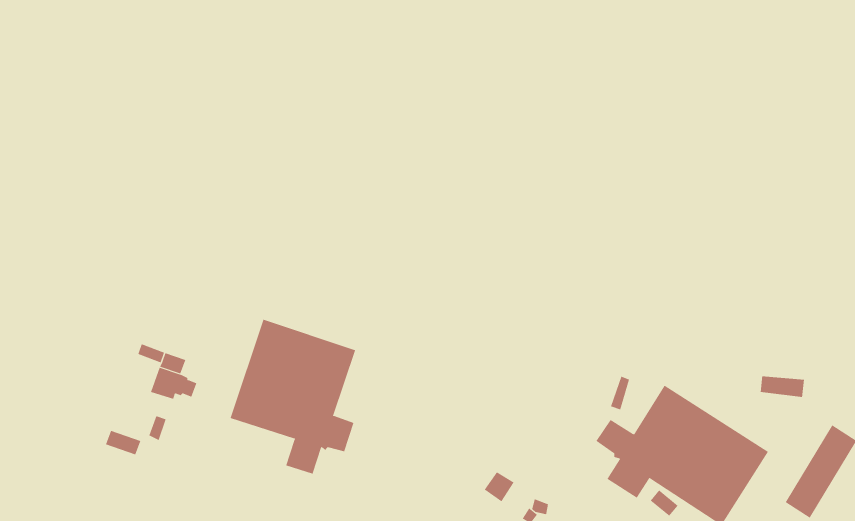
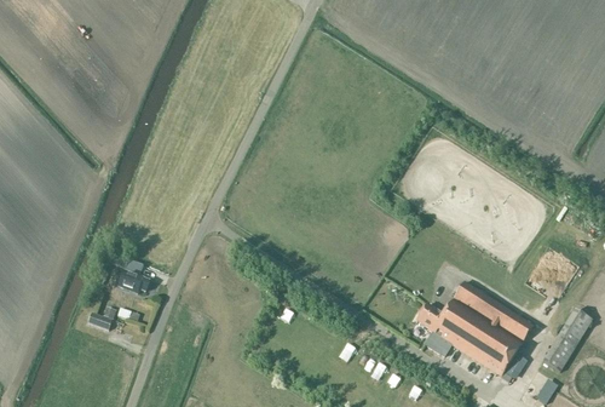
building: [230,319,356,475] -> none

